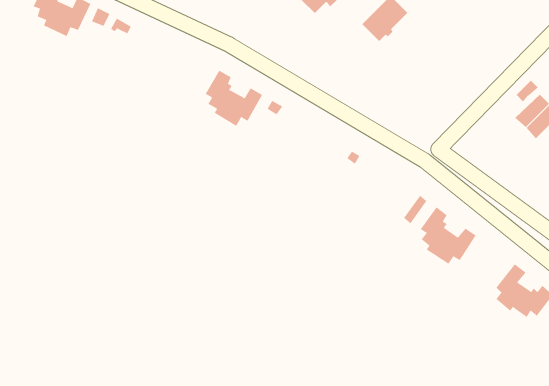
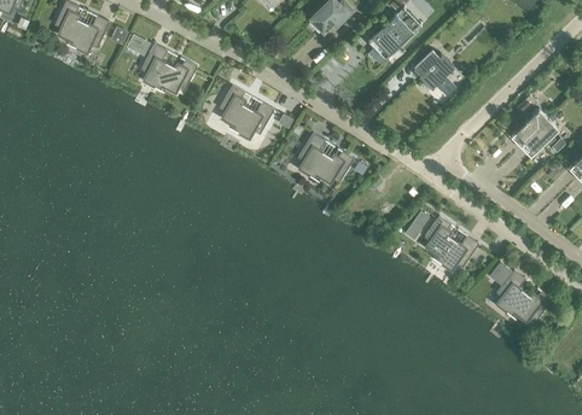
building: none -> [140,45,196,94]
building: none -> [413,49,453,89]
building: none -> [296,134,353,183]

